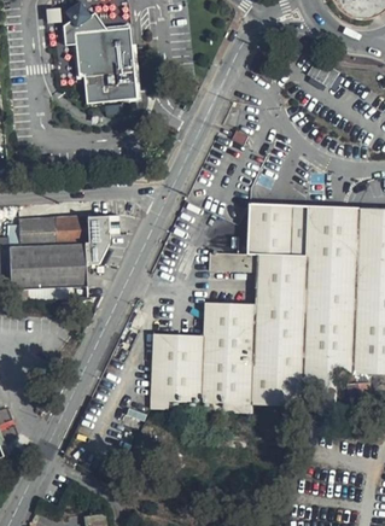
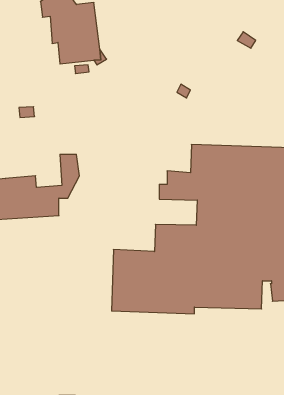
building: [18,215,88,256] -> none

